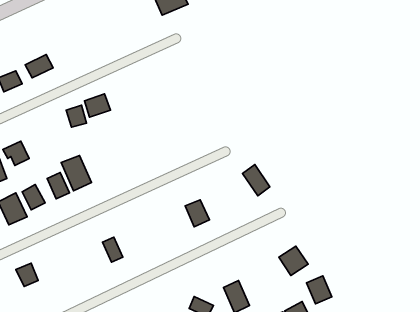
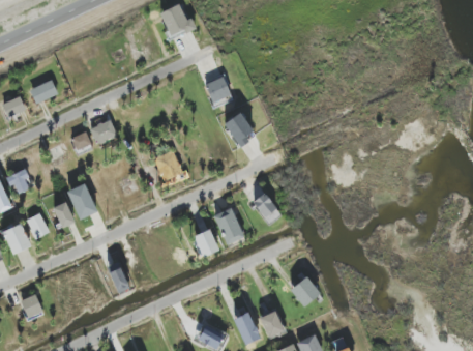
building: none -> [204,75,233,107]
building: none -> [224,112,253,147]
building: none -> [154,151,182,180]
building: none -> [213,207,244,244]
building: [307,276,332,304] -> [259,310,285,339]

